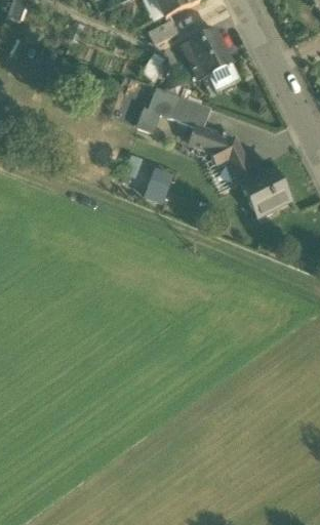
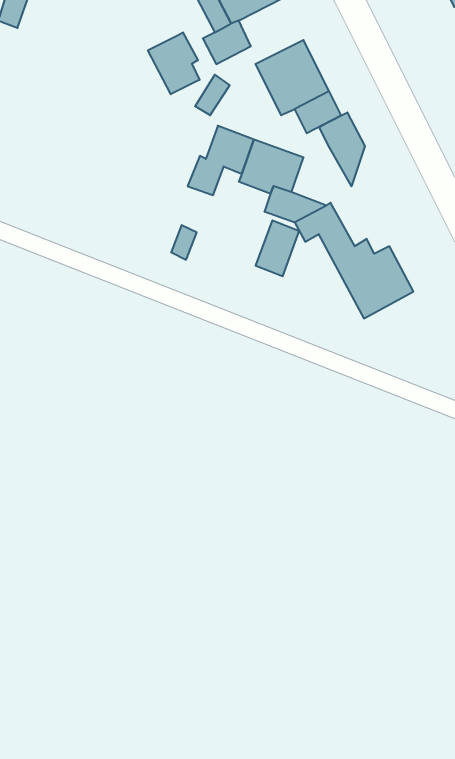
building: none -> [148,32,200,94]
building: none -> [319,112,365,186]
building: [142,167,171,205] -> [256,220,299,276]

